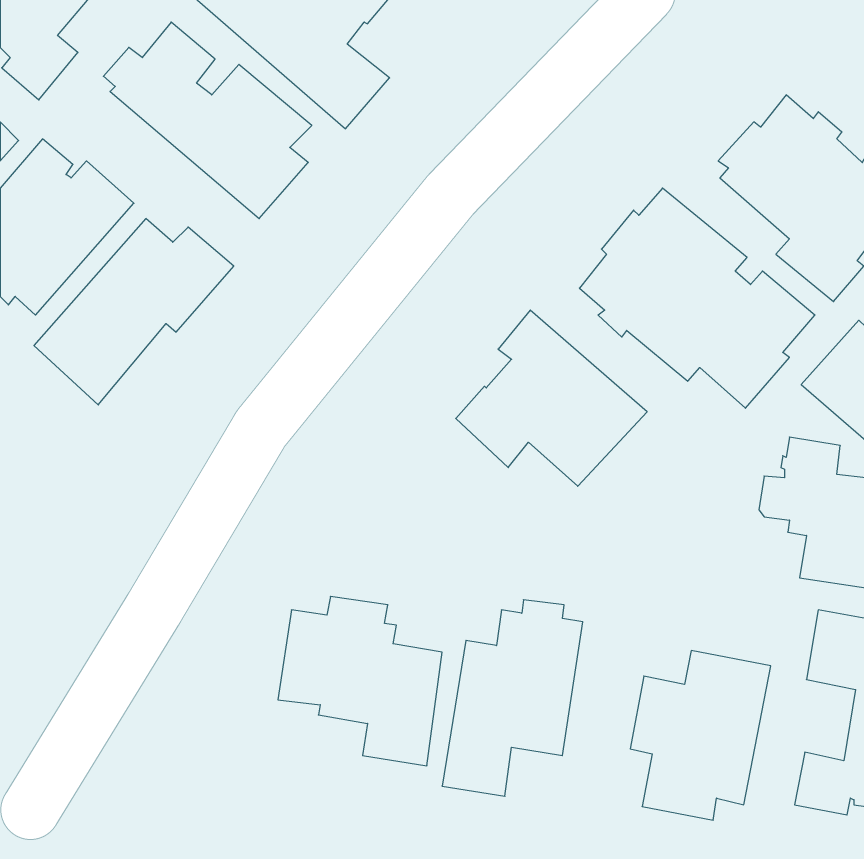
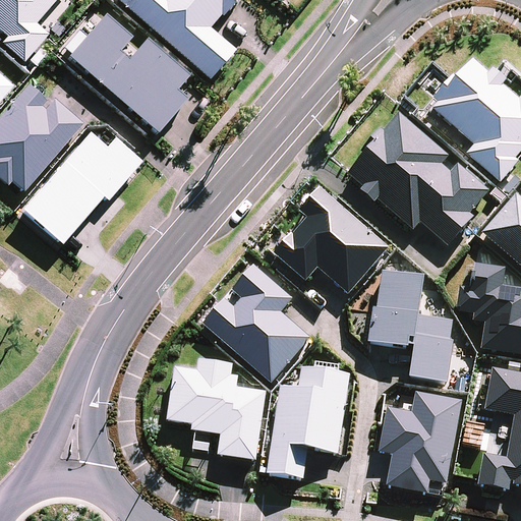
building: none -> [204,264,310,382]
building: none -> [368,270,455,383]

